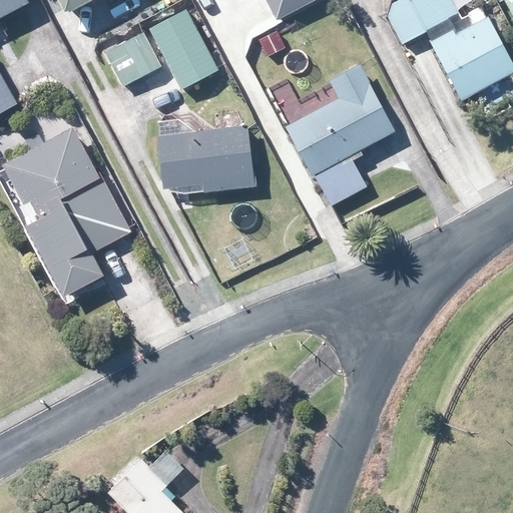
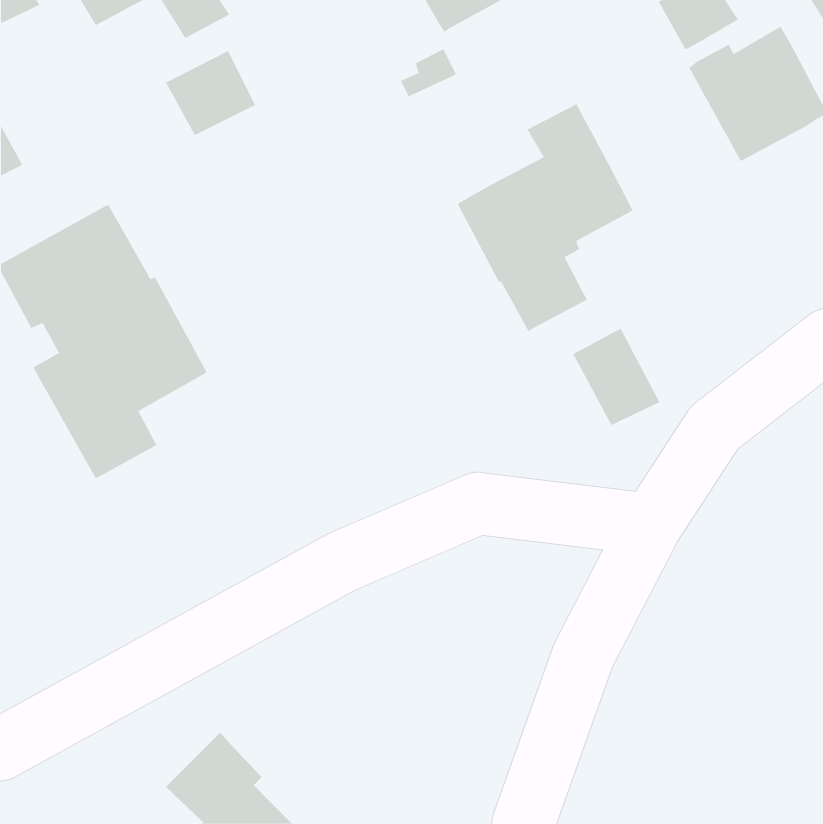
building: [149,8,217,88] -> none
building: [157,124,255,191] -> none
building: none -> [572,328,660,426]

